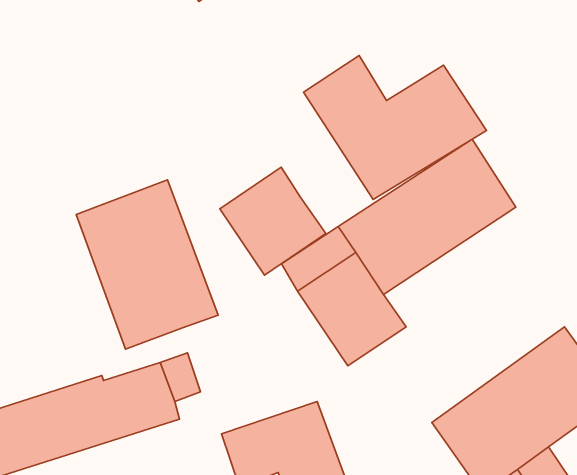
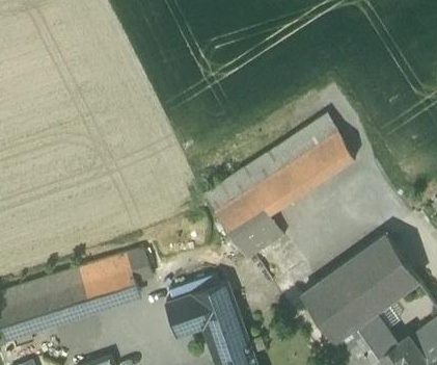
building: [303,56,486,200] -> none
building: [220,167,326,275] -> none
building: [76,180,218,349] -> none

